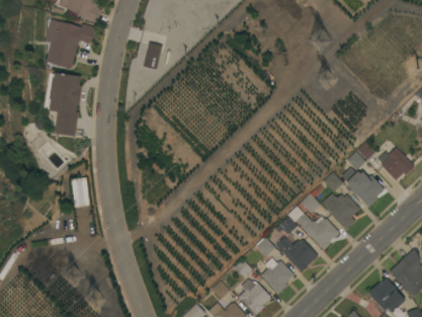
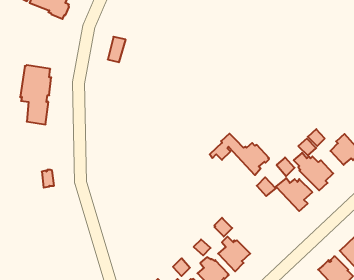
building: [45,18,94,68] -> none
building: [275,206,339,250] -> [210,134,269,175]
building: [275,236,318,270] -> none

